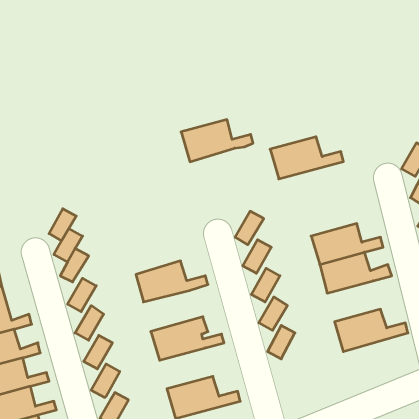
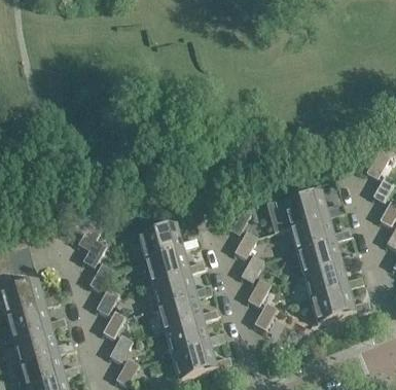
building: [181,120,253,162] -> [138,225,197,260]
building: [270,137,343,179] -> [283,193,344,228]
building: none -> [303,265,363,299]
building: none -> [151,274,212,308]
building: none -> [165,321,224,355]

